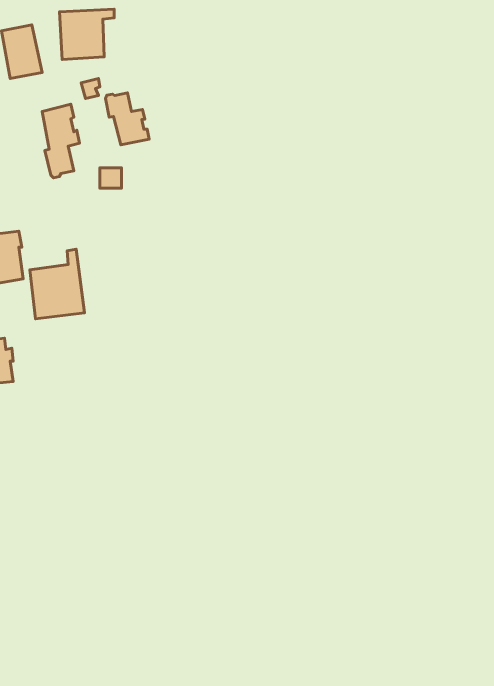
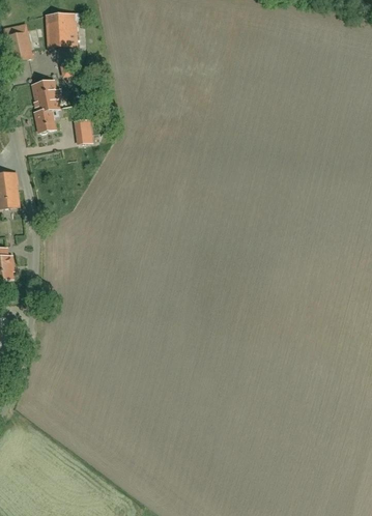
building: [105,93,149,145] -> none
building: [30,249,84,319] -> none

